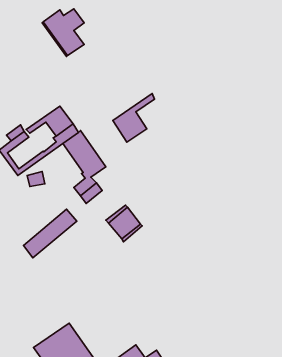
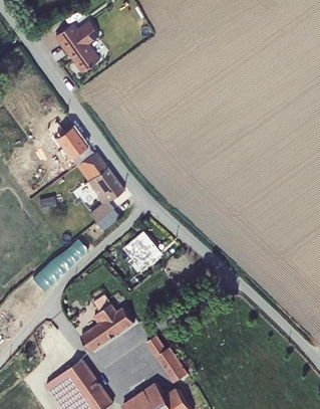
building: [113,94,155,142] -> none
building: none -> [79,294,133,352]
building: none -> [145,335,188,383]

